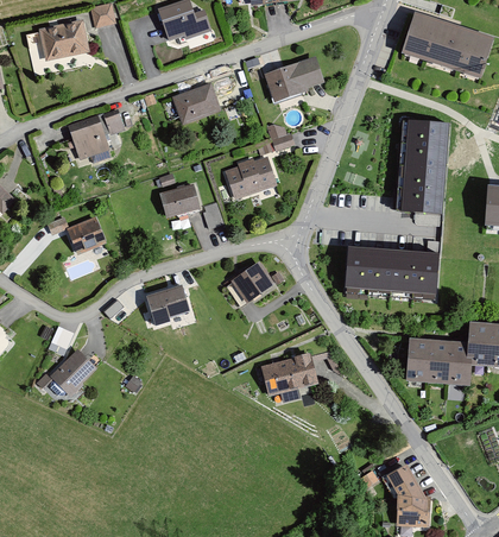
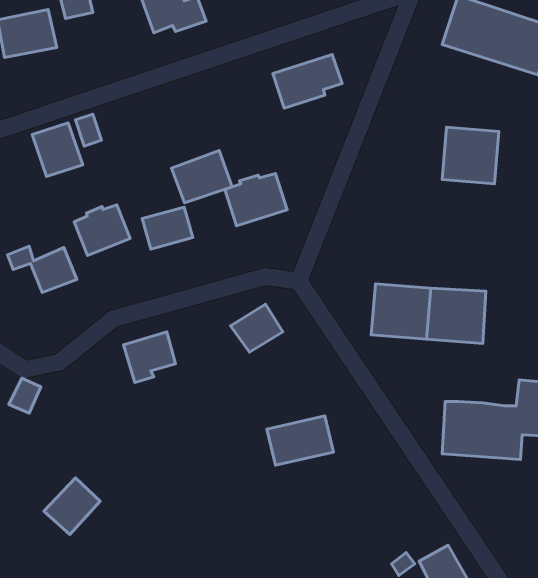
building: [171,82,221,125] -> [171,151,232,203]
building: [400,160,447,211] -> none
building: none -> [74,205,130,256]
building: [49,348,95,394] -> [44,478,100,534]

